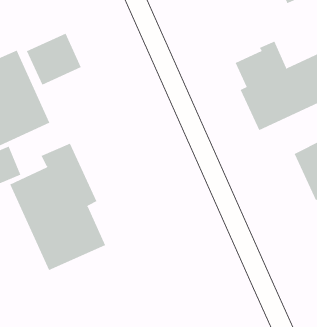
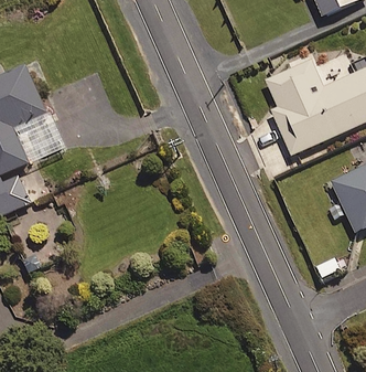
building: [26,33,82,85] -> none
building: [10,143,106,271] -> none

